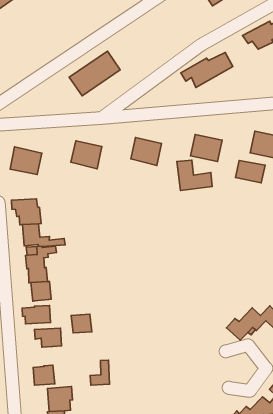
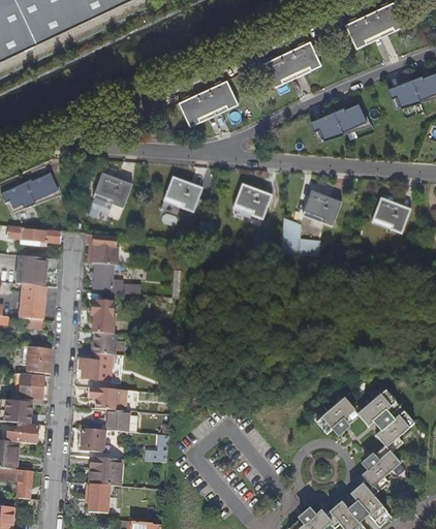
building: none -> [259,39,318,86]
building: [236,161,265,183] -> none
building: [71,314,92,333] -> [106,408,129,431]

